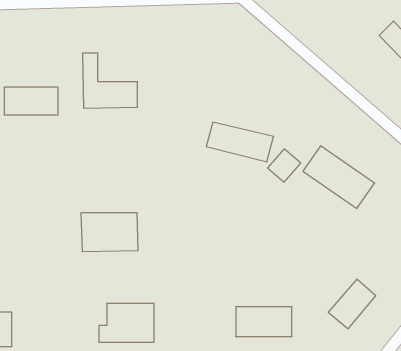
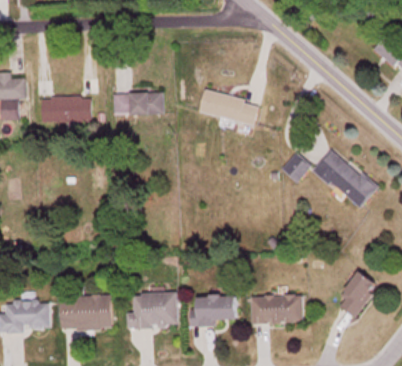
building: [206,122,274,162] -> [198,89,259,125]
building: [81,213,138,251] -> [60,295,112,330]
building: none -> [191,294,237,325]

